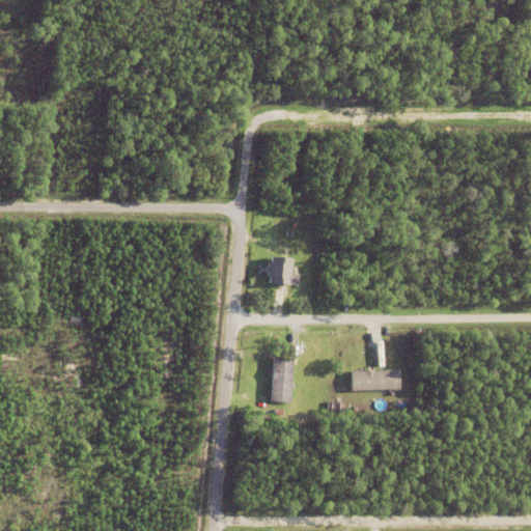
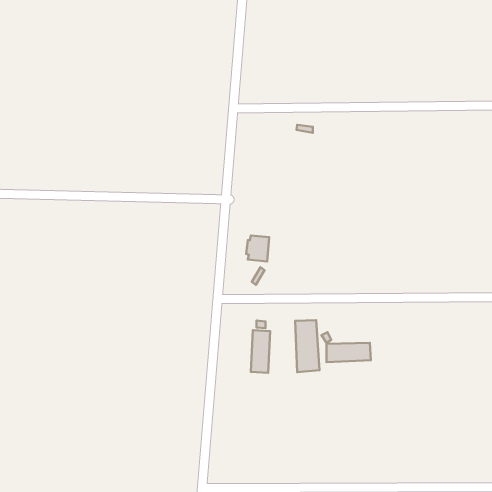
building: none -> [295,320,320,372]

